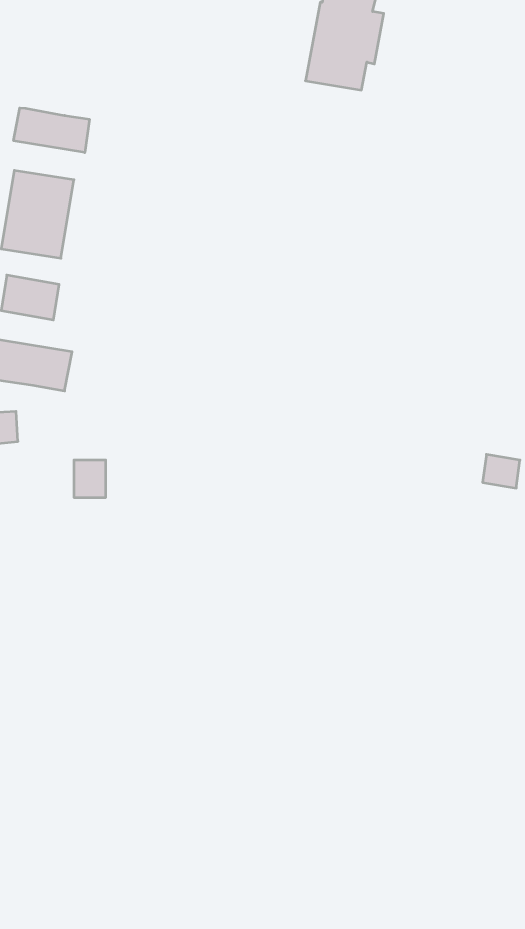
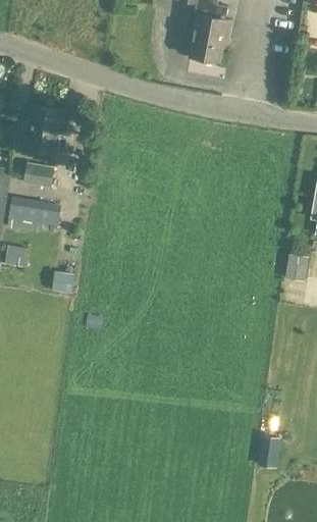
building: [14,108,89,153] -> none
building: none -> [258,435,279,466]

